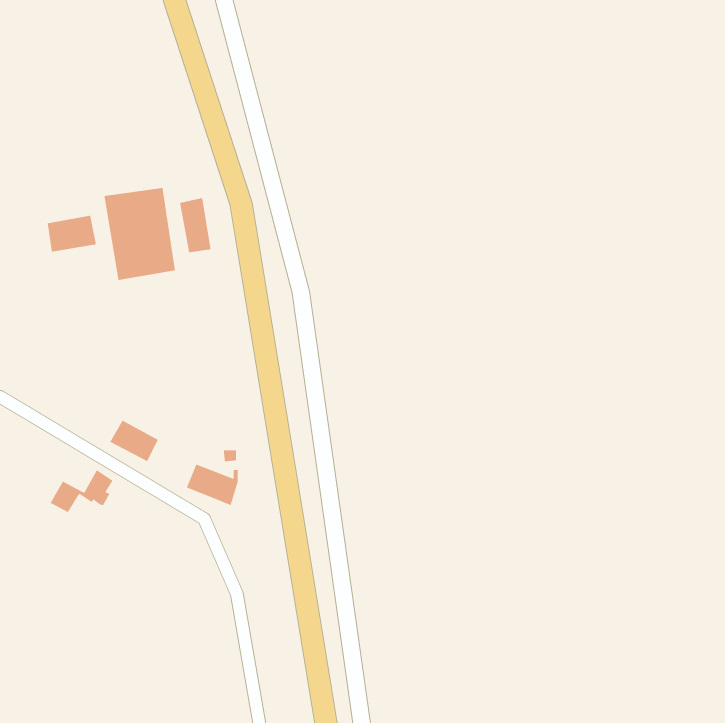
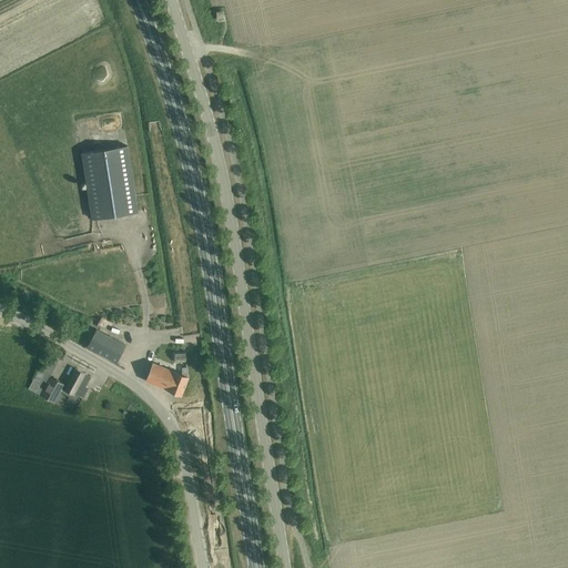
building: [179,197,212,253] -> none
building: [47,215,97,252] -> none

